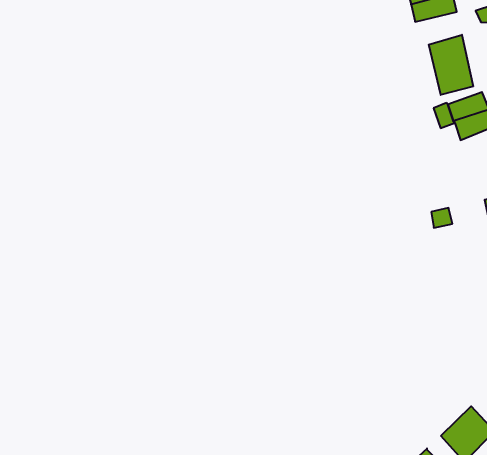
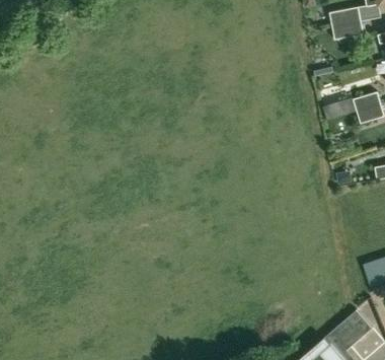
building: [429,35,473,95] -> none

